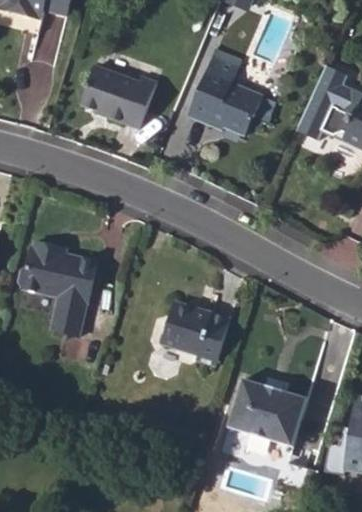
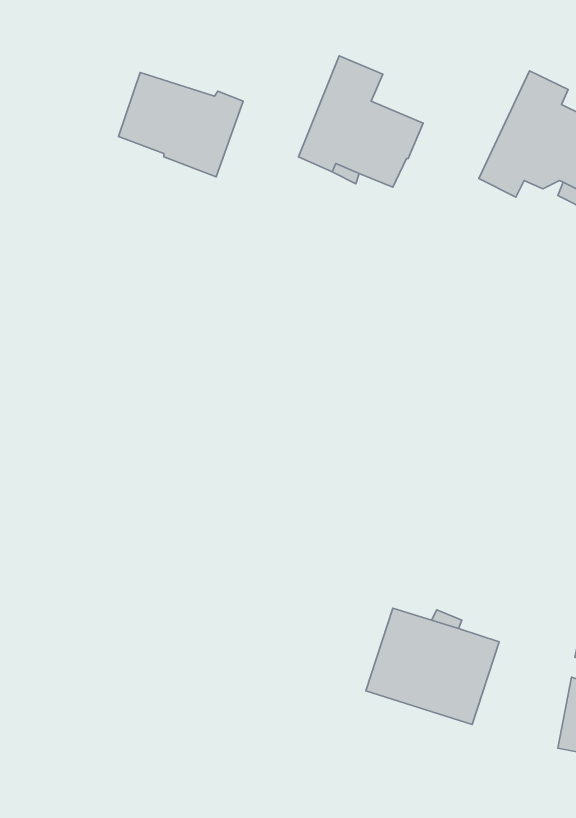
building: [16,244,96,338] -> none
building: [161,305,227,367] -> none

